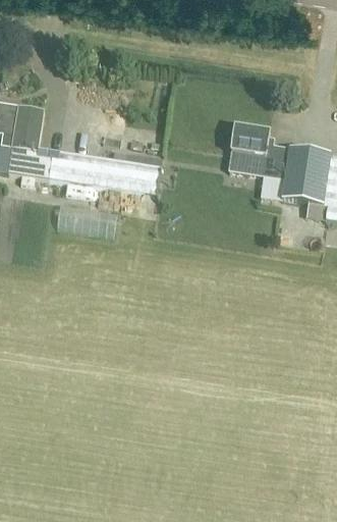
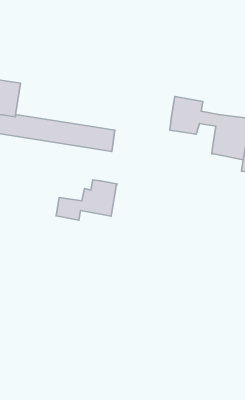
building: none -> [56,180,117,220]

